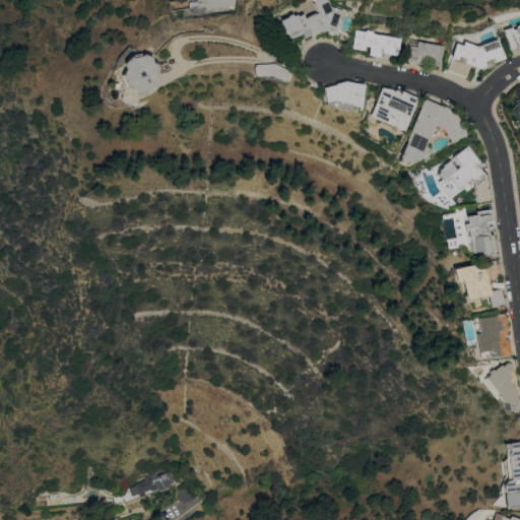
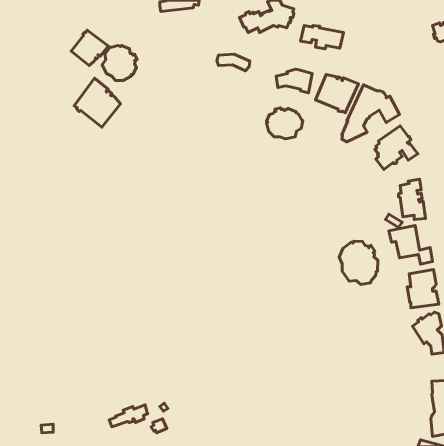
building: none -> [71,30,108,65]
building: [449,40,506,77] -> none
building: [408,42,445,66] -> none
building: none -> [74,78,121,127]
building: none -> [267,108,303,139]
building: none -> [339,241,378,284]

